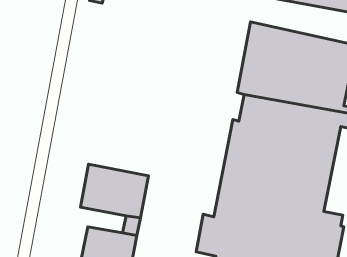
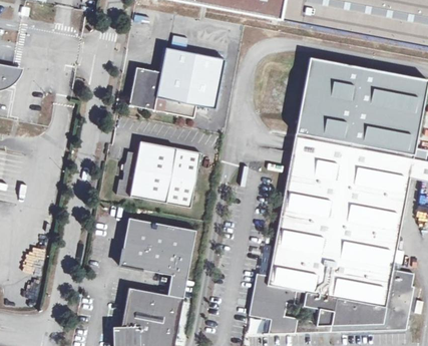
building: none -> [129,45,225,114]
building: none -> [116,138,200,205]

